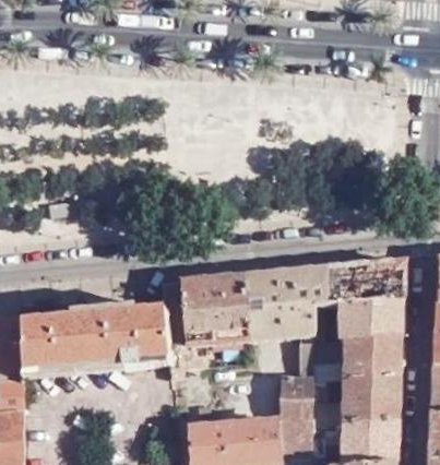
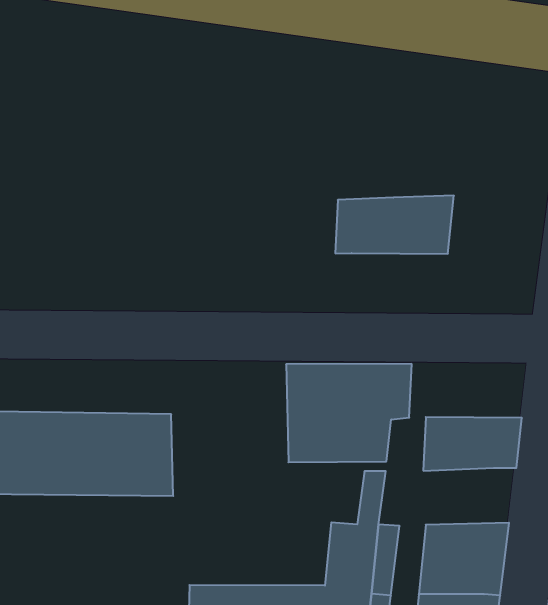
building: [328,257,405,301] -> [335,196,454,254]
building: [167,272,250,366] -> none
building: [314,330,403,372] -> none

